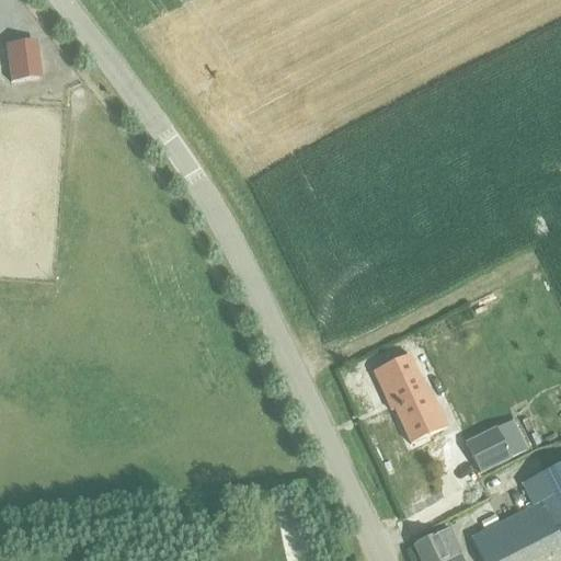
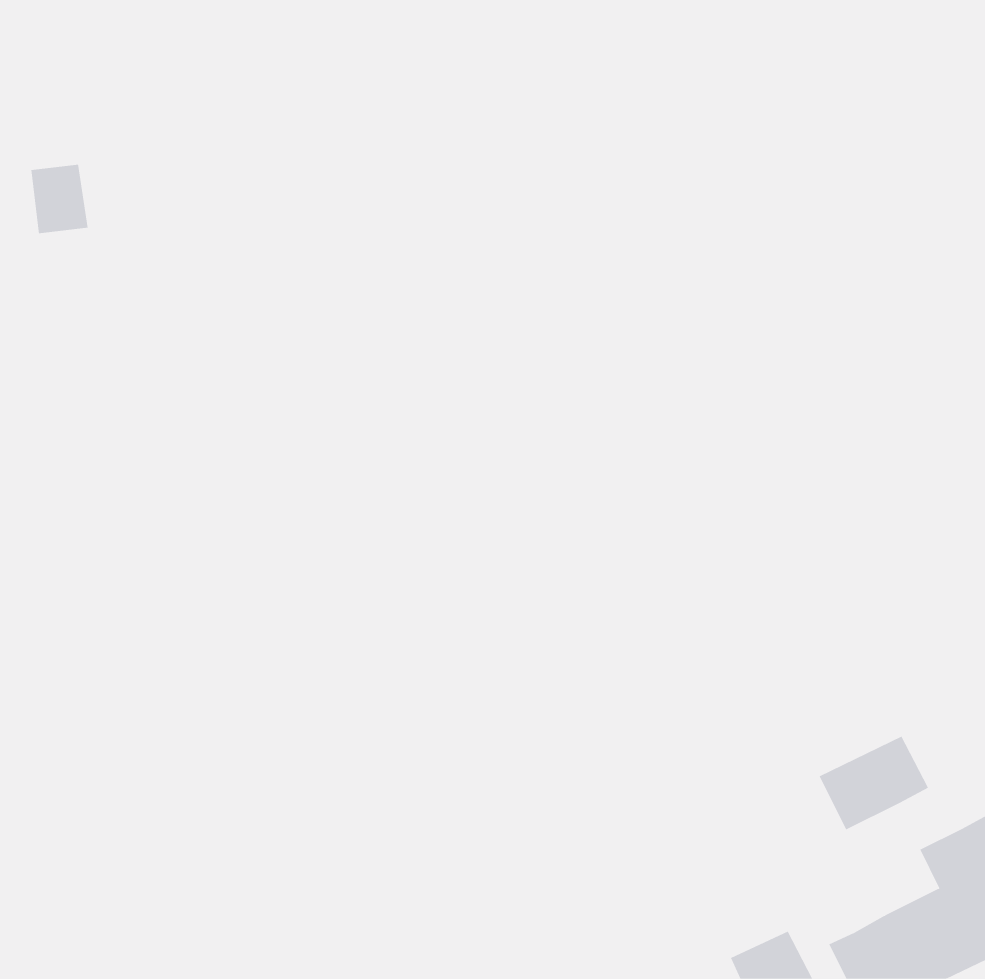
building: [7,39,39,79] -> [31,164,88,234]
building: [377,353,444,443] -> none

